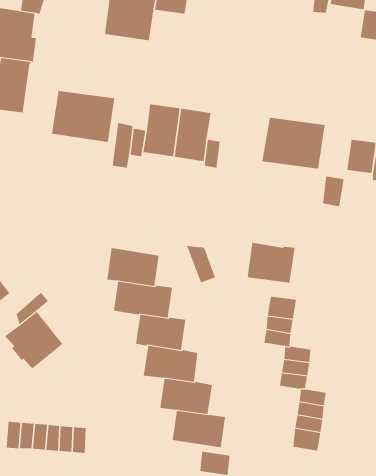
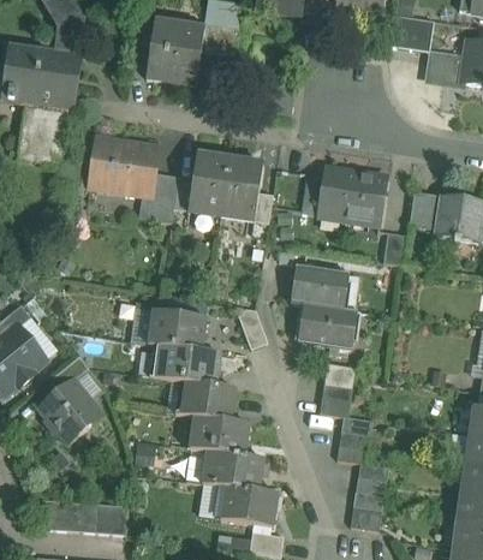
building: none -> [292,264,344,309]

